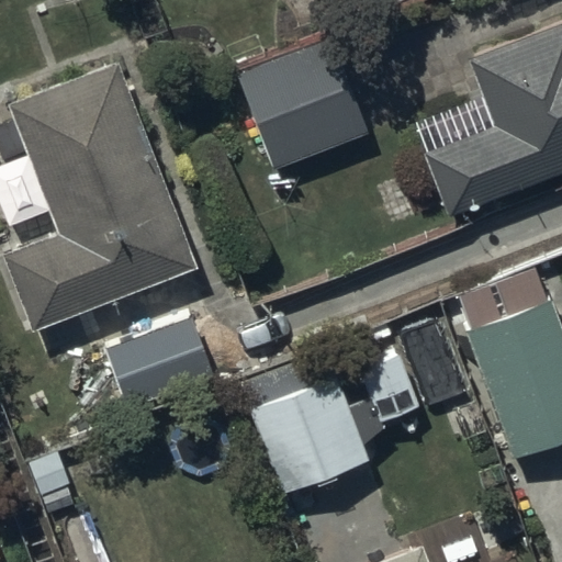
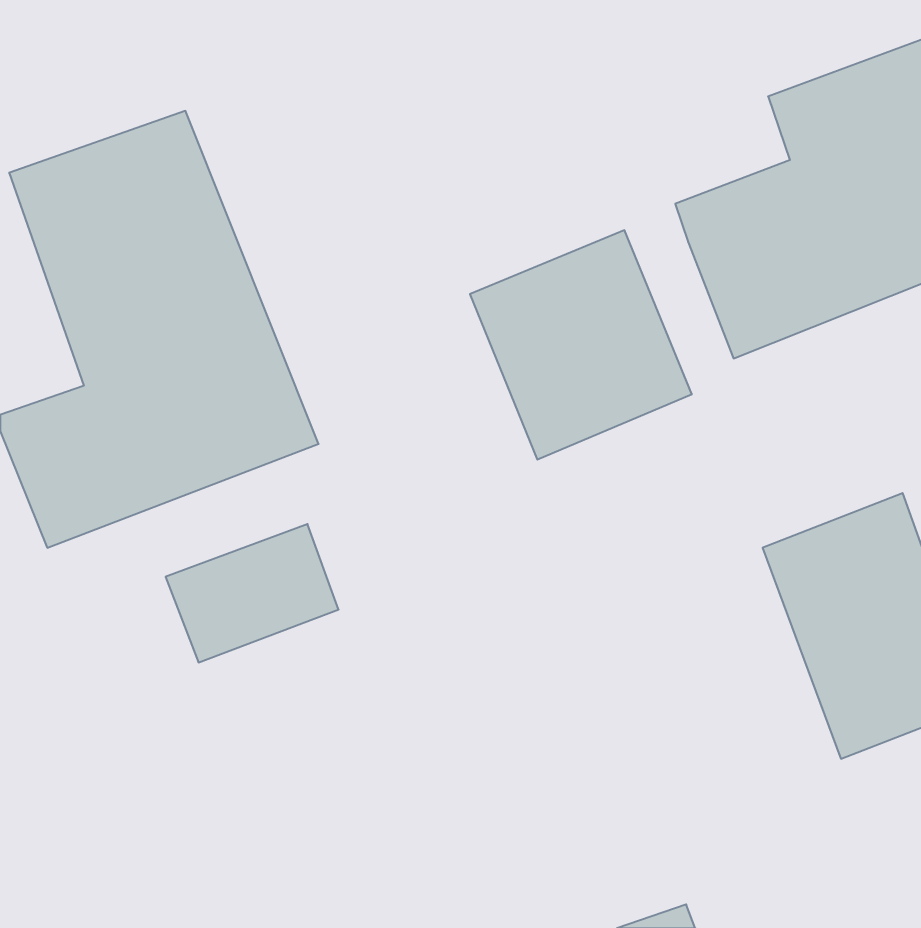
building: [236,33,370,171] -> [470,230,692,460]
building: [249,351,422,493] -> none

